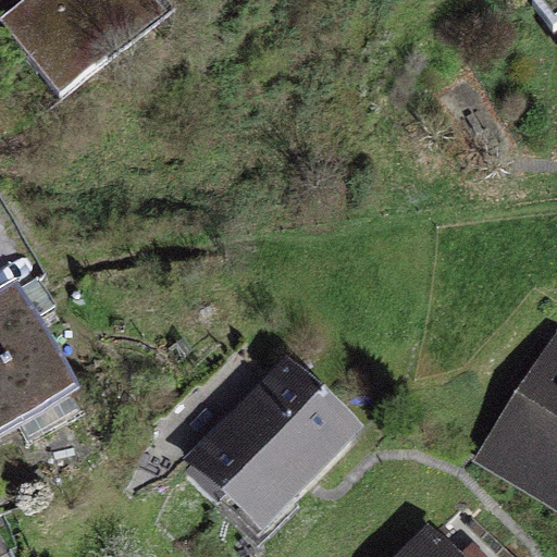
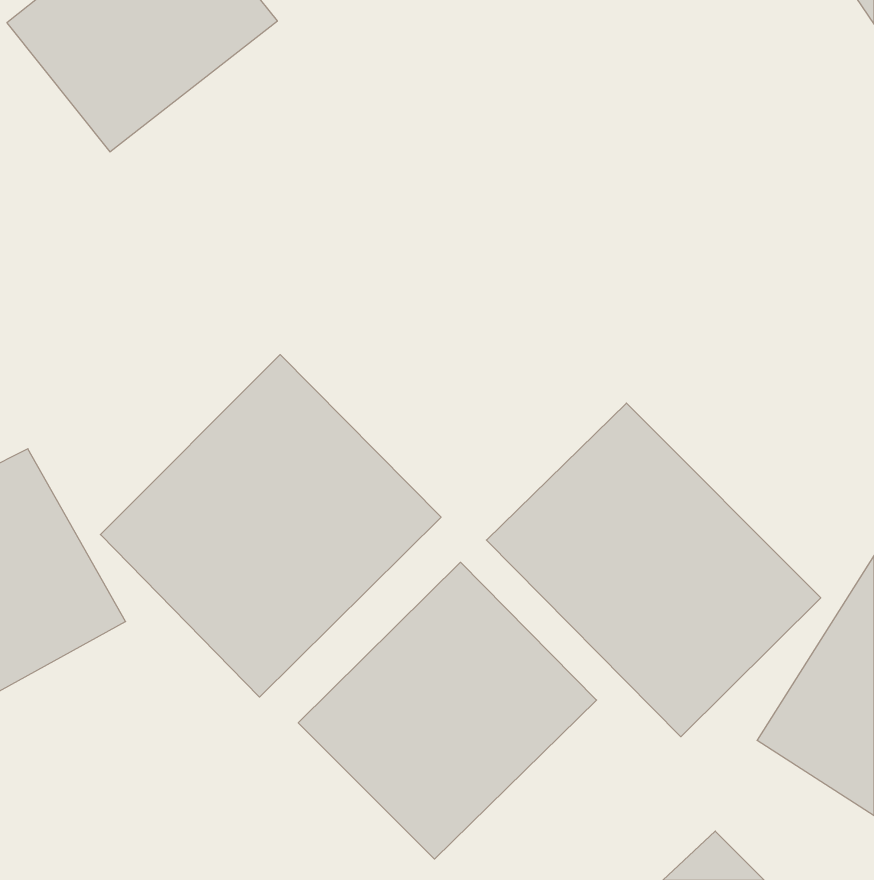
building: none -> [100,355,441,697]
building: none -> [486,403,821,737]

